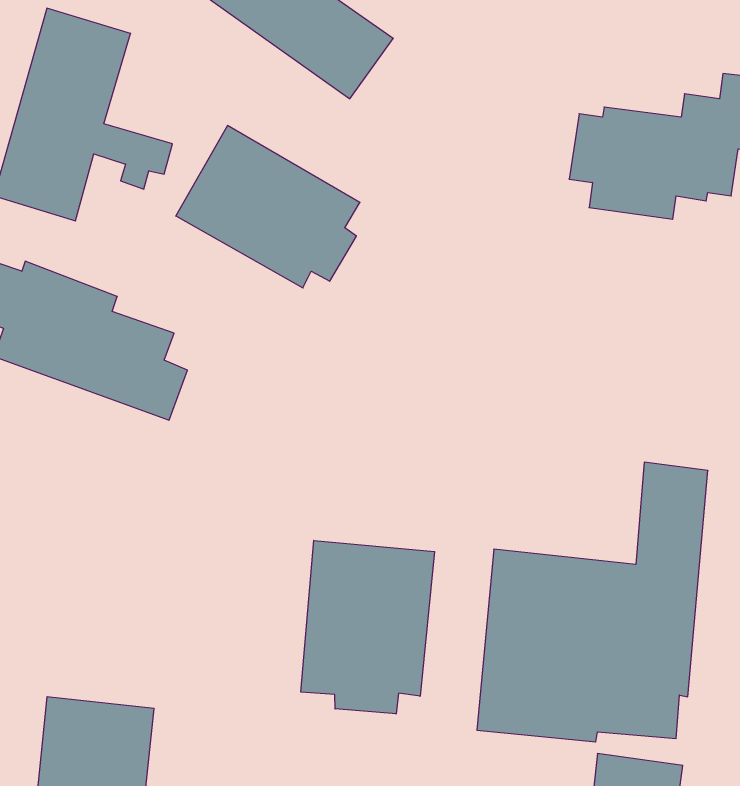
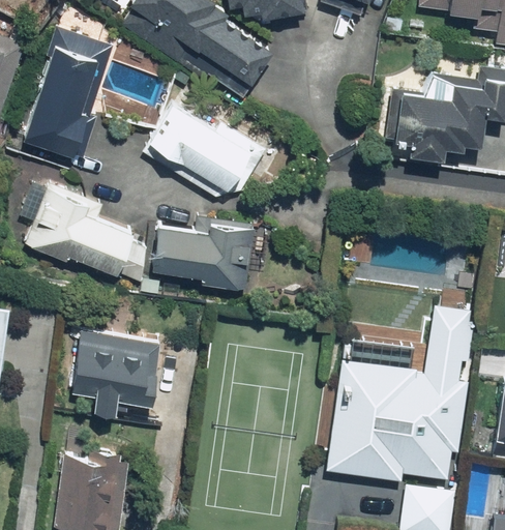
building: none -> [158,219,253,287]
building: none -> [76,307,160,412]
building: [301,540,435,714] -> none

